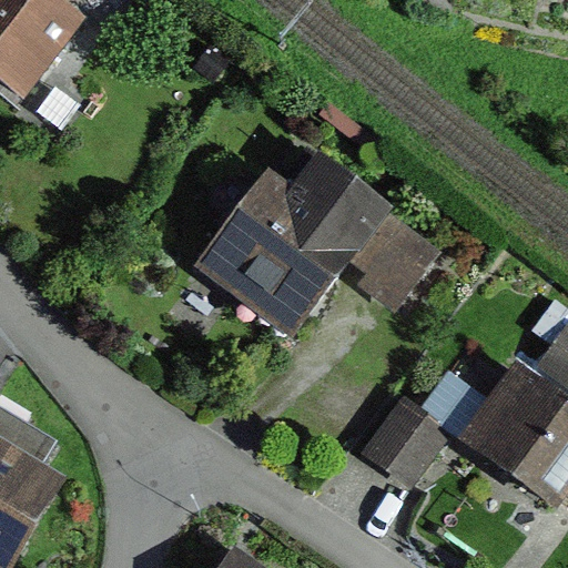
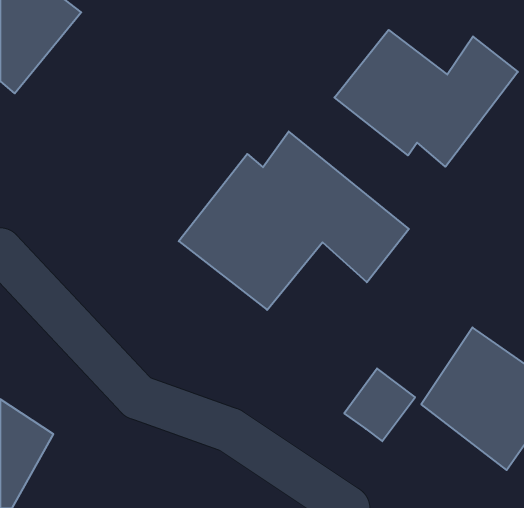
building: none -> [334,30,518,167]

